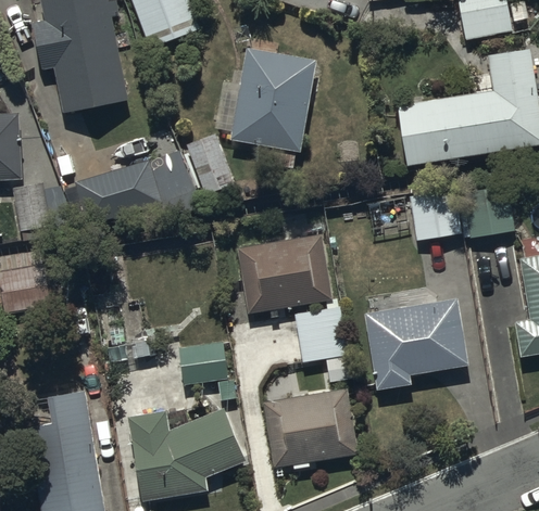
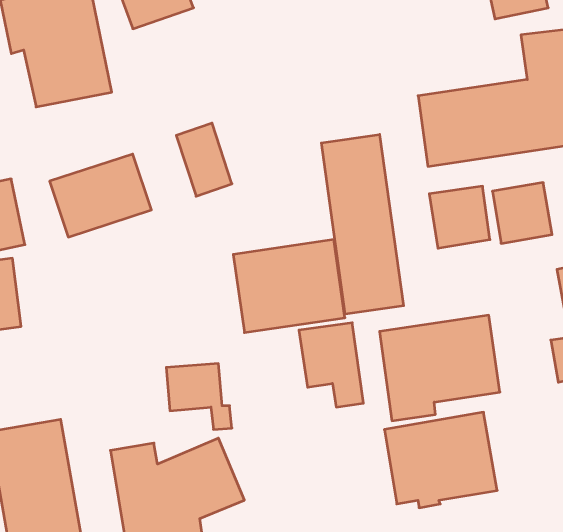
building: [229,47,316,153] -> none
building: none -> [321,134,404,314]
building: [261,385,360,469] -> [384,412,497,508]

